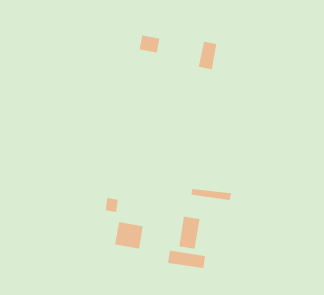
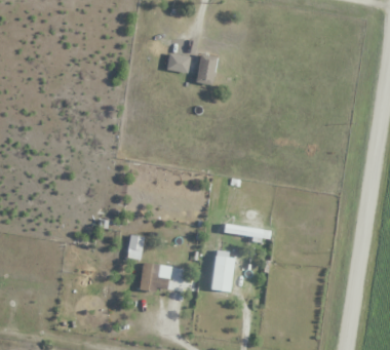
building: [198,41,217,70] -> [195,54,217,86]
building: [167,250,206,269] -> none

